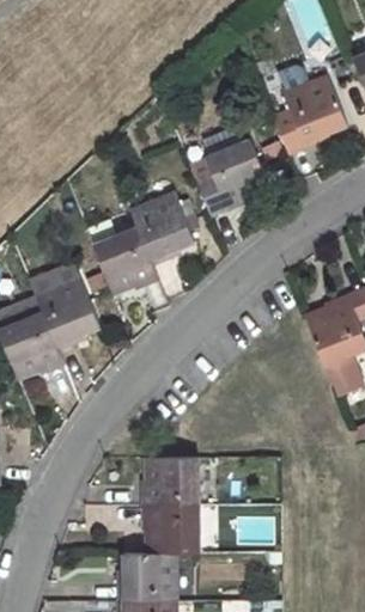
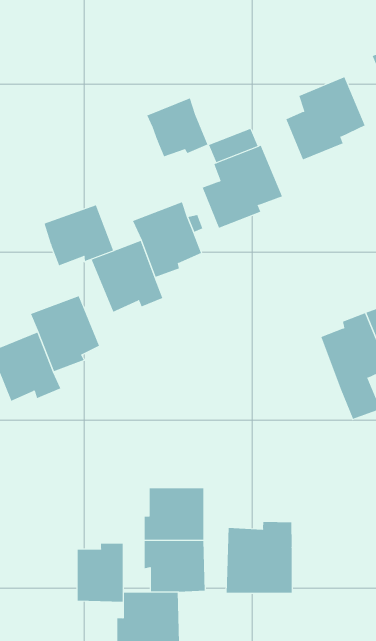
building: none -> [146,97,208,157]
building: none -> [44,204,114,266]
building: none -> [226,521,292,594]
building: none -> [77,543,123,602]

